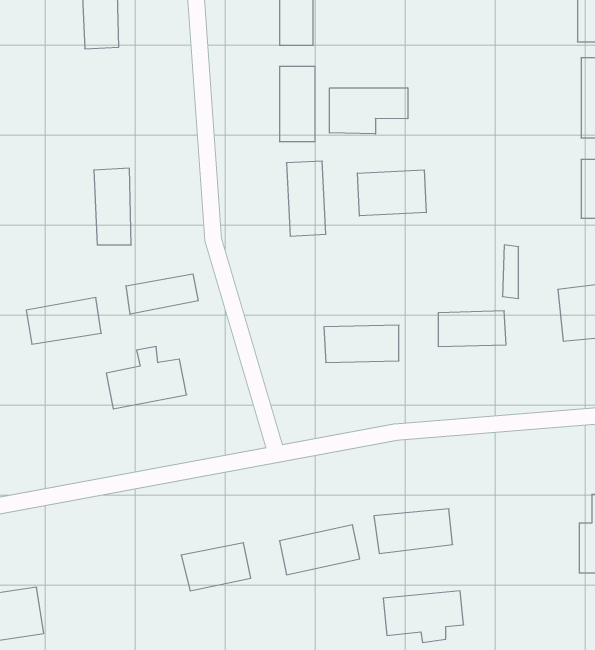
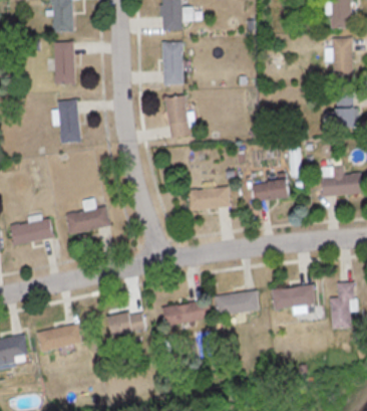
building: none -> [54,41,74,84]
building: [329,88,408,134] -> none
building: [357,170,426,216] -> none
building: [126,274,198,314] -> none
building: [26,298,101,344] -> [11,219,53,245]
building: none -> [38,323,84,354]
building: [383,591,464,643] -> [272,285,317,315]

